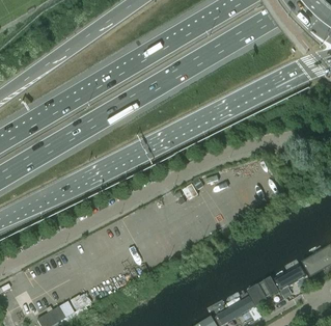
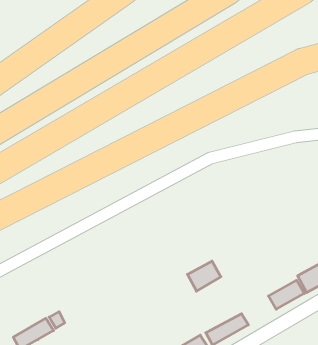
building: [245,275,276,303] -> [187,261,221,291]

